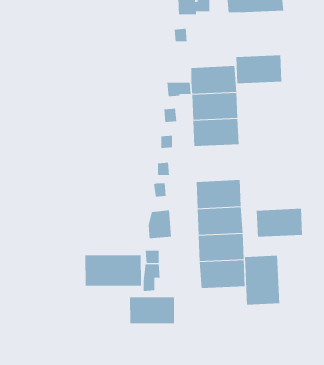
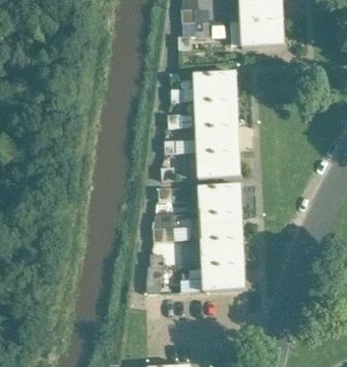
building: [236,55,282,84] -> [239,18,285,47]
building: [256,208,303,237] -> [195,149,241,178]
building: [85,255,141,286] -> none
building: [244,255,280,306] -> none
building: [130,297,175,324] -> none

